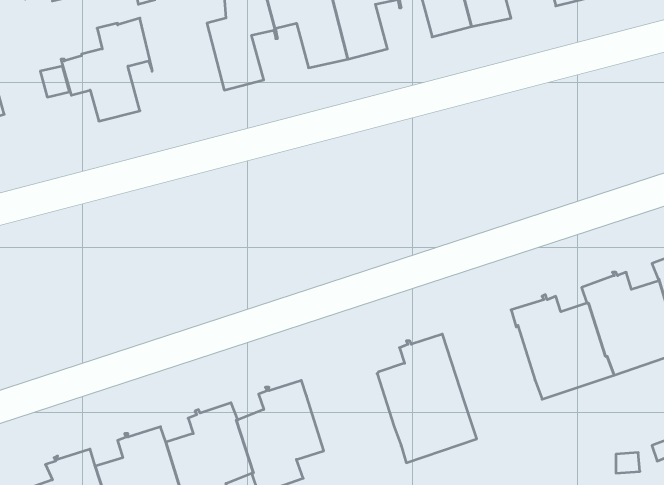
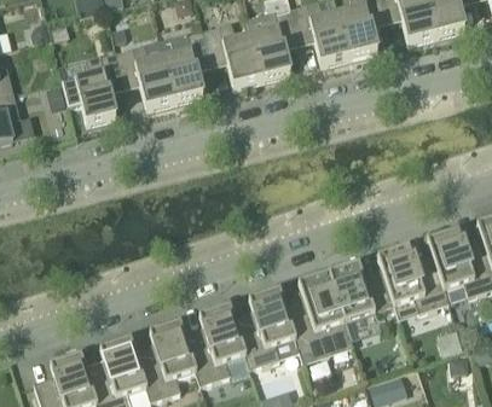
building: none -> [116,43,175,109]
building: none -> [329,262,394,321]
building: none -> [233,289,300,368]

